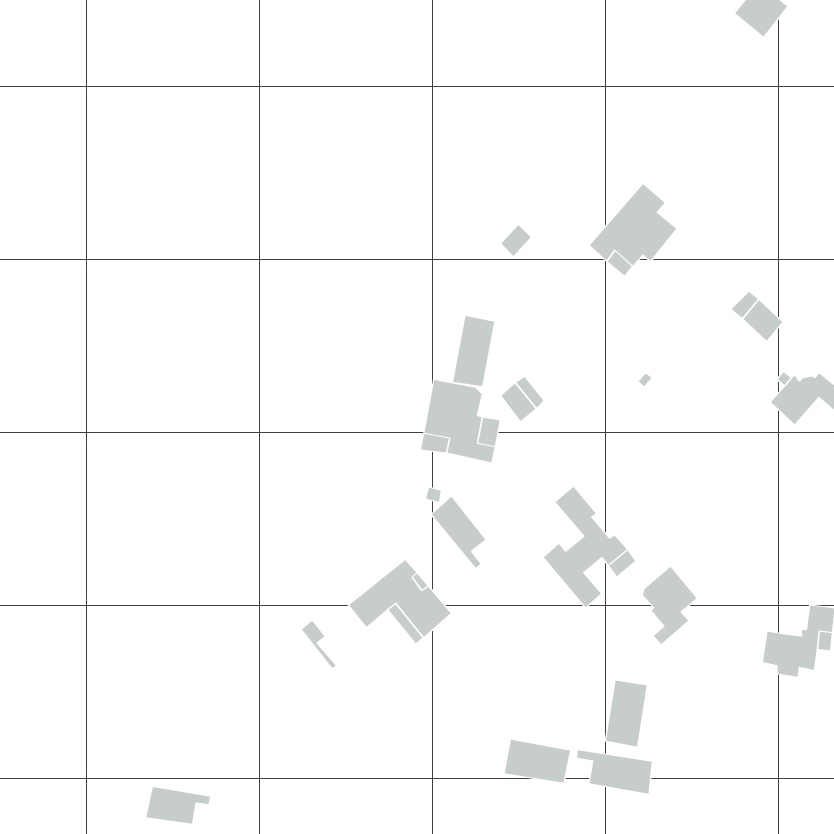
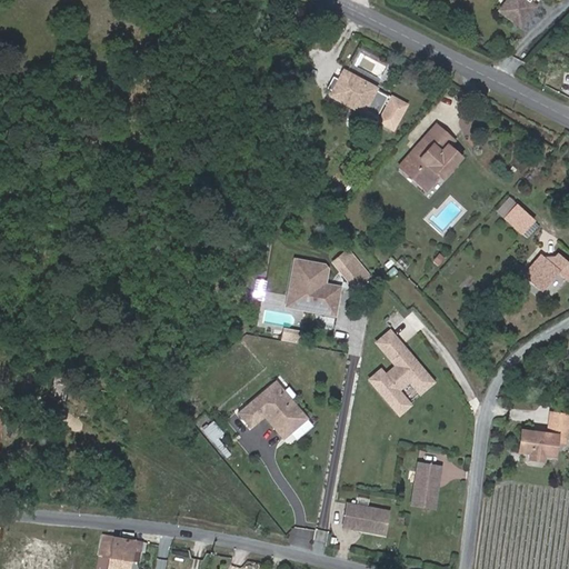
building: none -> [332,70,407,128]
building: [452,315,495,387] -> none
building: [431,496,486,569] -> none
building: [642,566,697,645] -> none
building: [577,749,652,795] -> none

